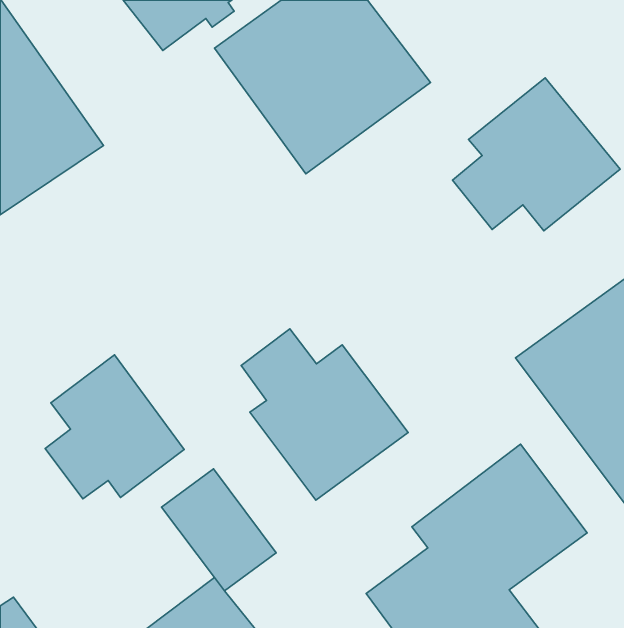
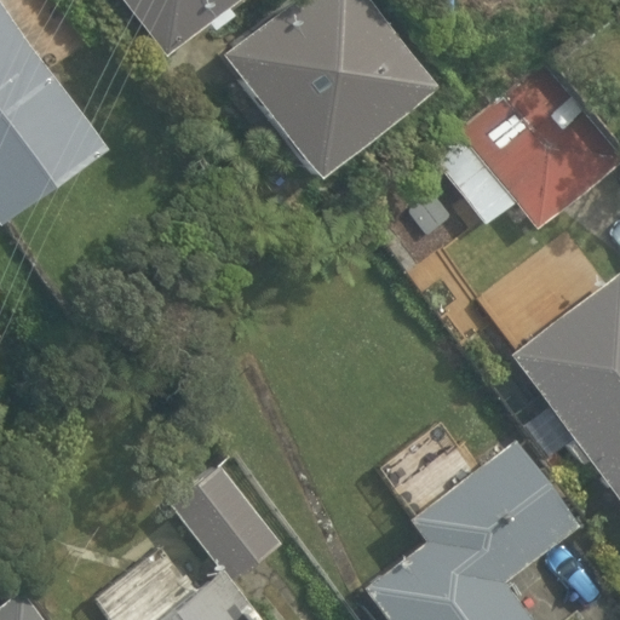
building: [241,329,408,500] -> none
building: [45,355,184,499] -> none

